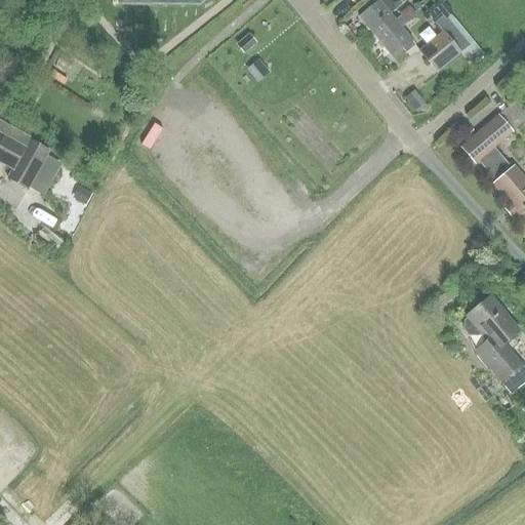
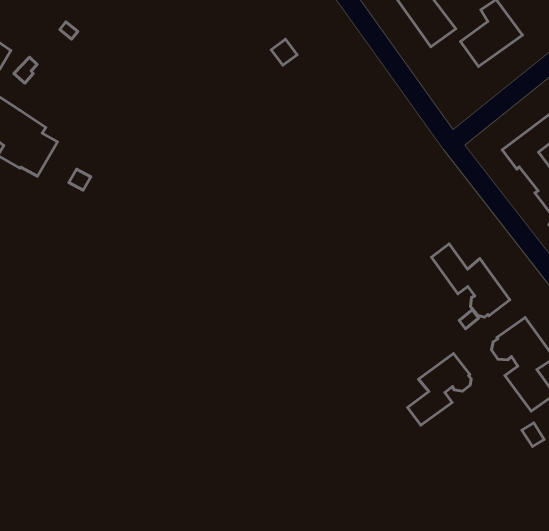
building: none -> [431,244,510,317]
building: none -> [407,354,471,425]

